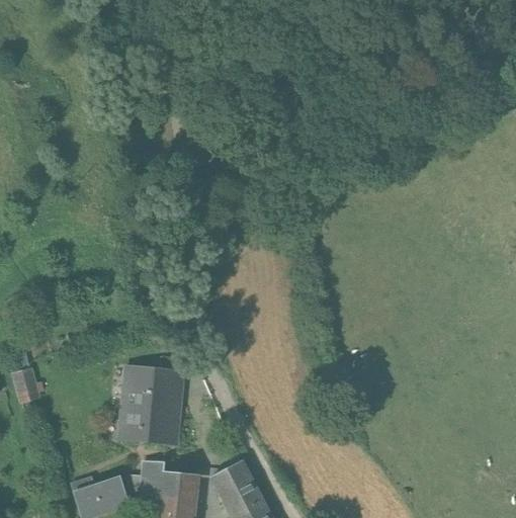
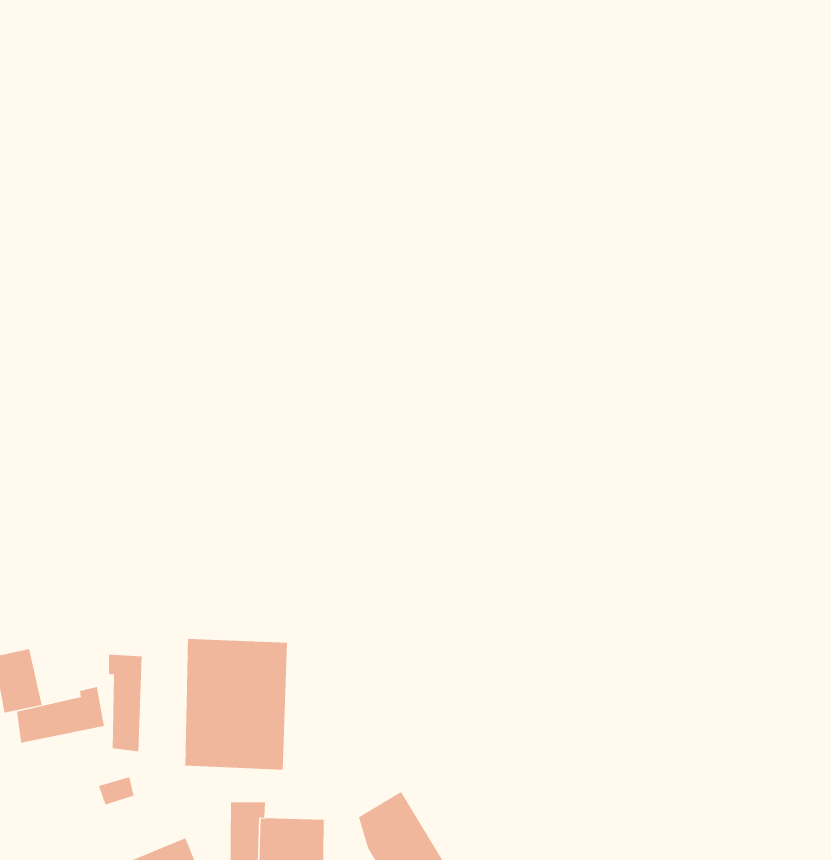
building: none -> [109,654,142,752]
building: none -> [17,686,105,744]

